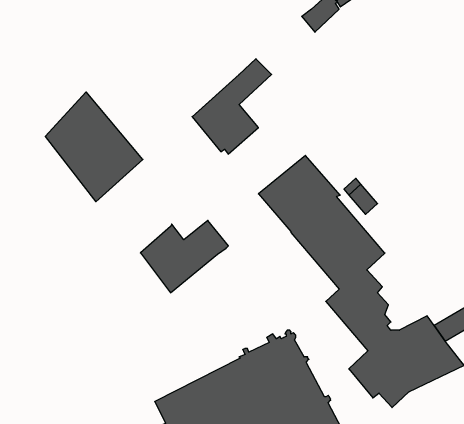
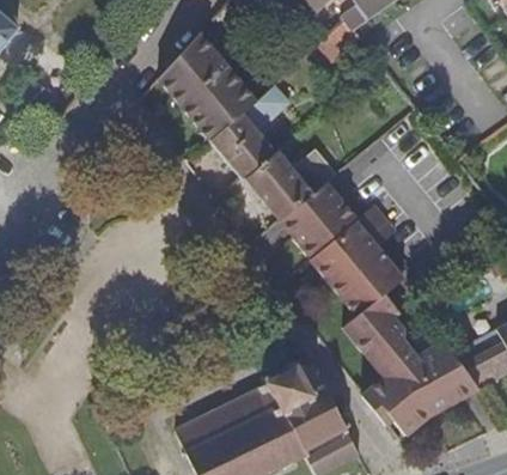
building: [45,92,143,202] -> [161,35,258,144]
building: [140,220,228,293] -> [248,148,335,220]

